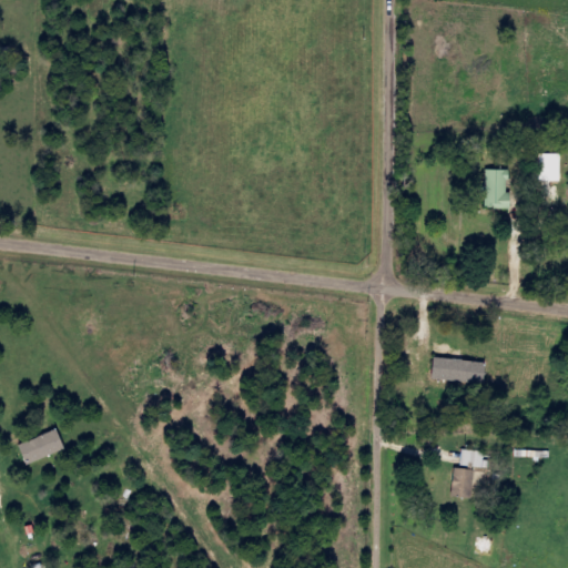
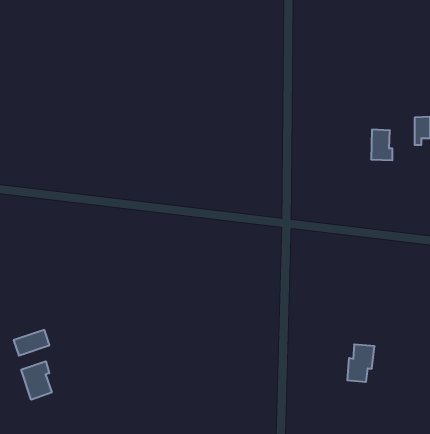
building: [433,358,486,382] -> none
building: none -> [21,361,52,400]

